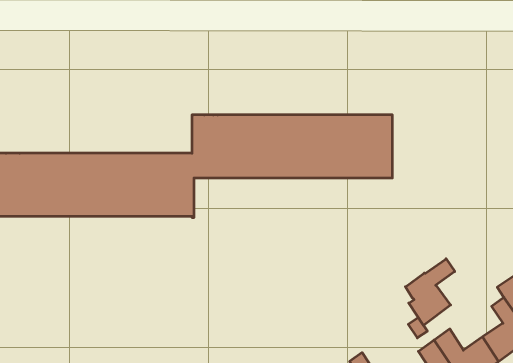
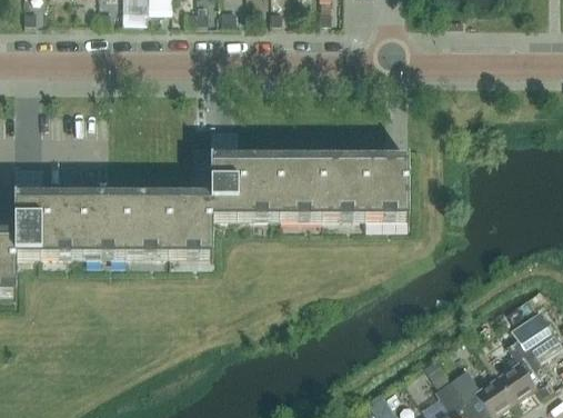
building: [405,259,455,325] -> none

